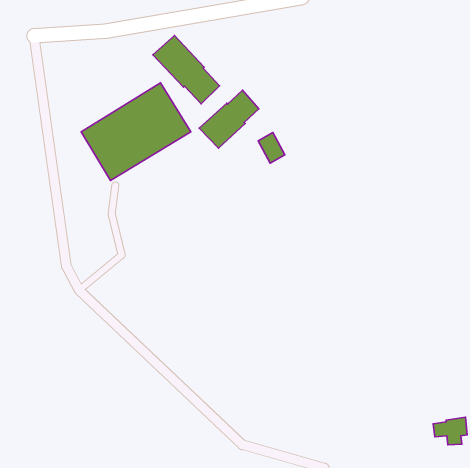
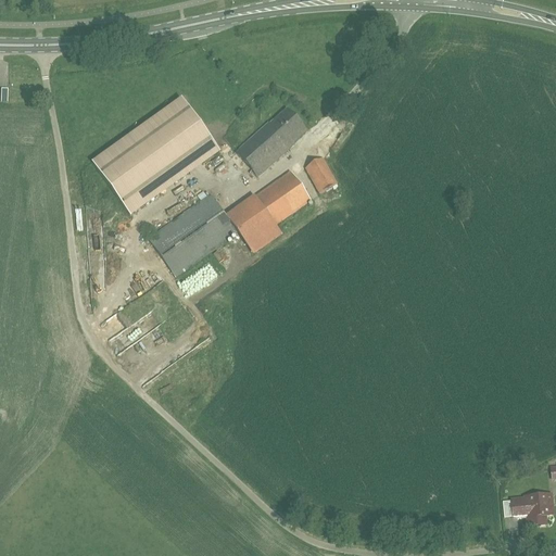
building: [153,35,220,104] -> none
building: none -> [147,170,309,275]

